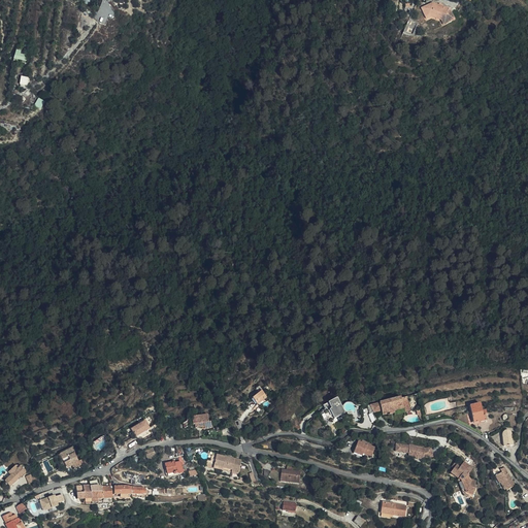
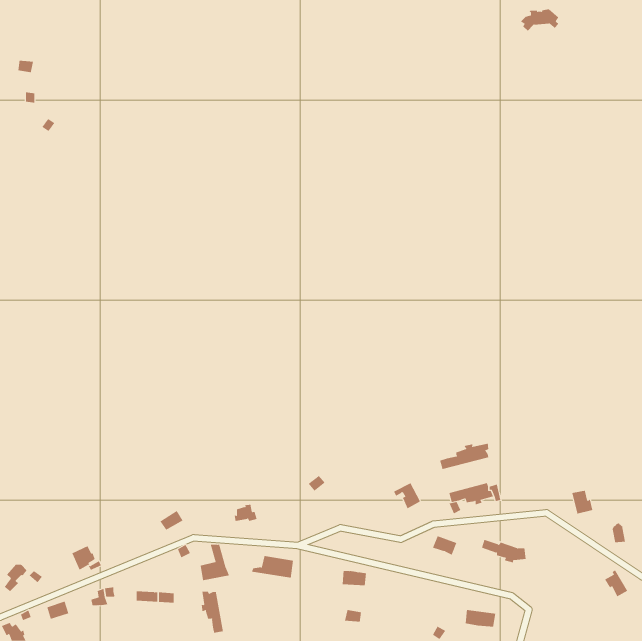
building: none -> [440,443,489,470]
building: [450,463,476,495] -> none
building: none -> [201,591,224,634]

